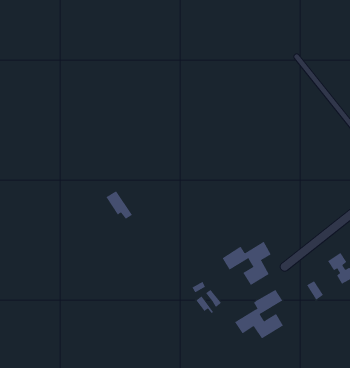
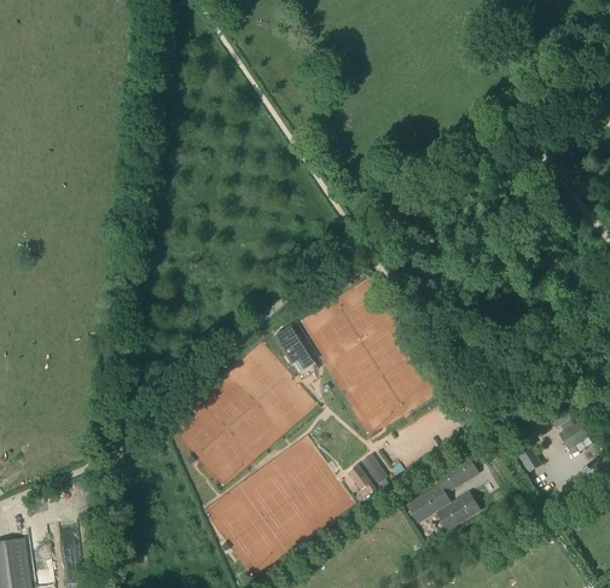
building: [105,191,133,220] -> [273,327,314,371]
building: [222,241,272,286] -> none

